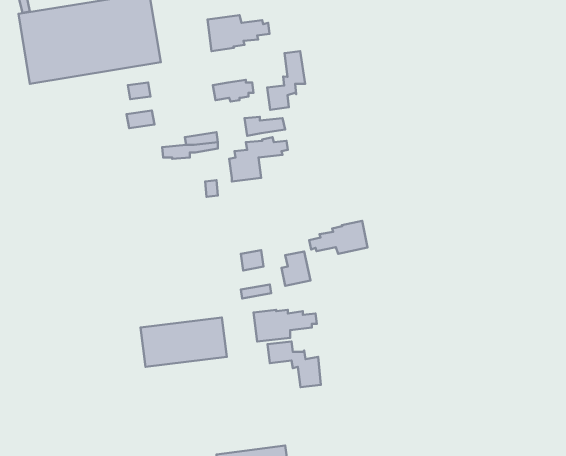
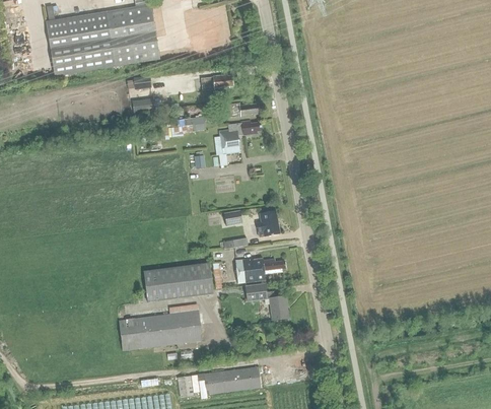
building: [208,15,270,51] -> none
building: [267,51,305,110] -> none
building: [309,221,368,254] -> none
building: none -> [119,310,202,350]

